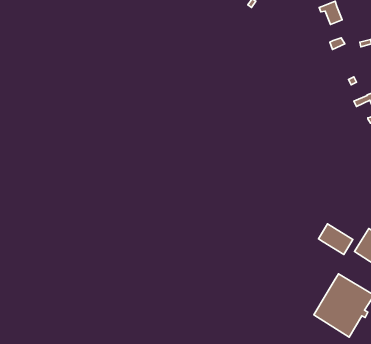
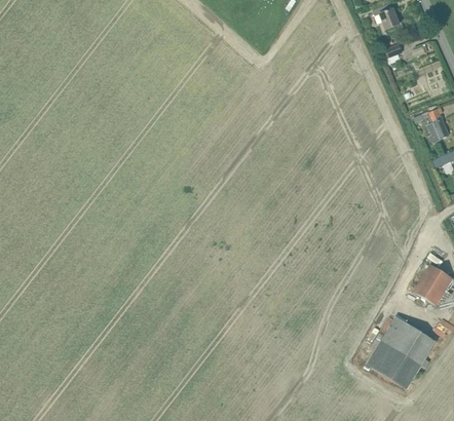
building: [318,224,353,255] -> none

